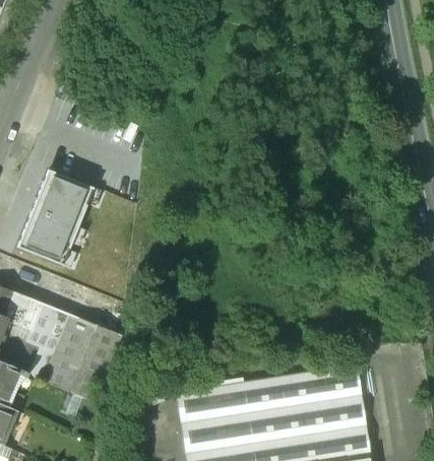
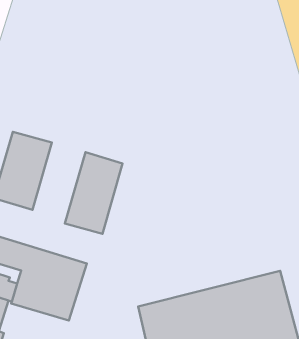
building: none -> [65,152,122,234]

